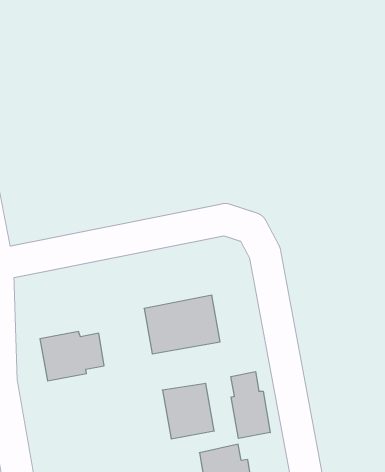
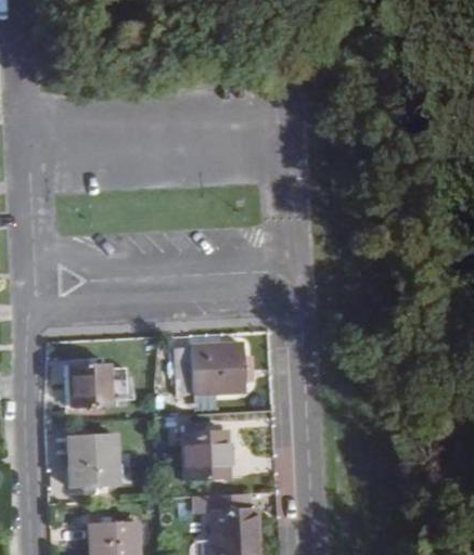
building: [231,372,270,438] -> none
building: none -> [67,435,117,489]

